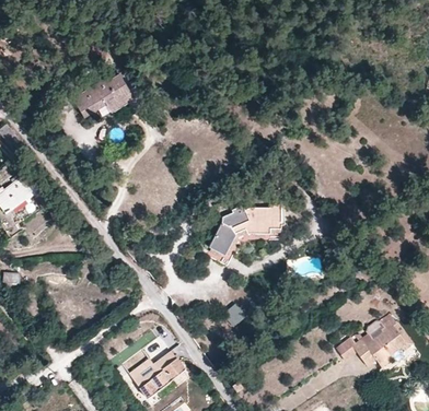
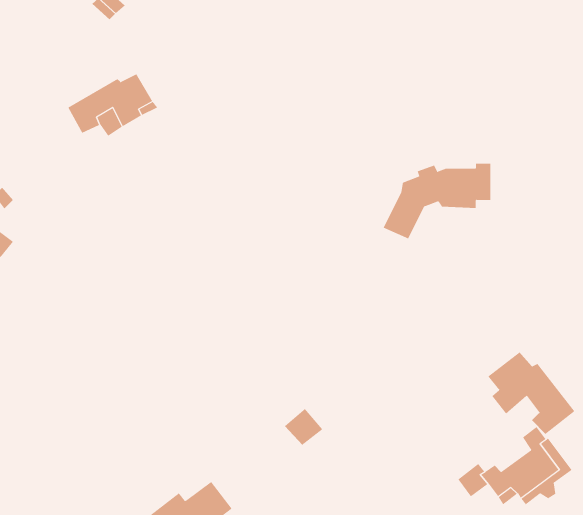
building: [207,204,280,256] -> [383,163,491,239]
building: none -> [487,352,575,435]

